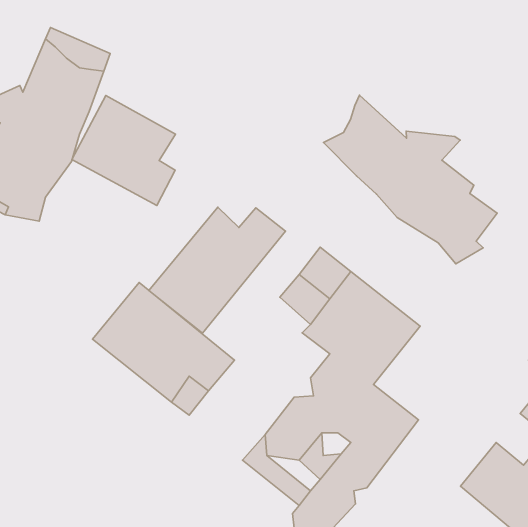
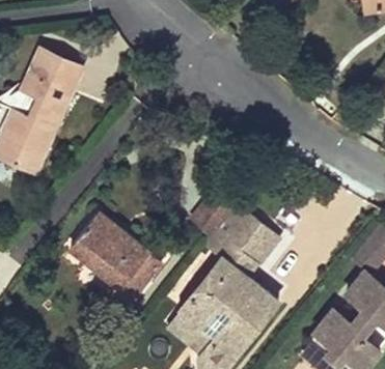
building: [323,95,497,264] -> none
building: [72,96,175,205] -> none
building: [149,207,285,333] -> none

